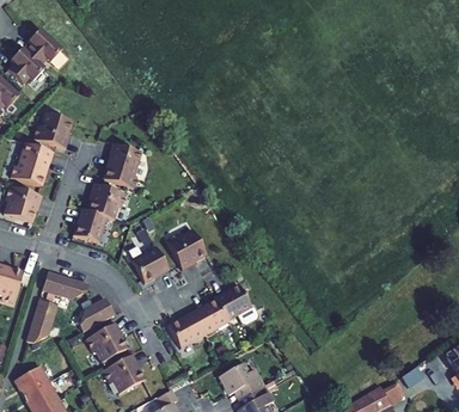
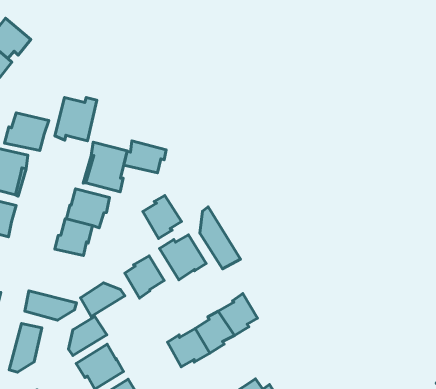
building: none -> [55,97,97,141]
building: none -> [124,141,166,173]
building: none -> [143,196,181,238]
building: none -> [200,207,241,269]
building: none -> [81,283,125,316]

